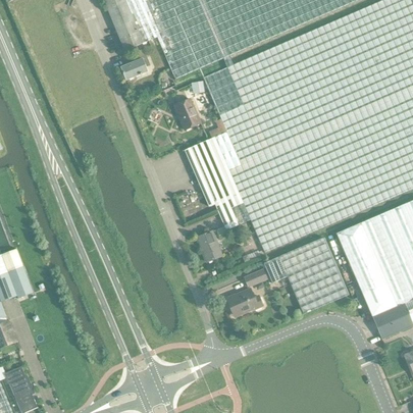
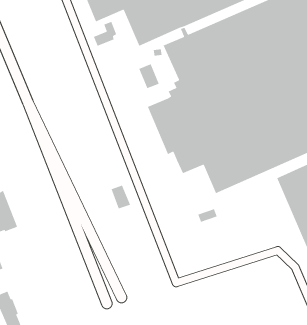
building: [198,230,222,260] -> [110,184,131,210]
building: [264,237,349,313] -> none
building: [226,287,262,314] -> none

